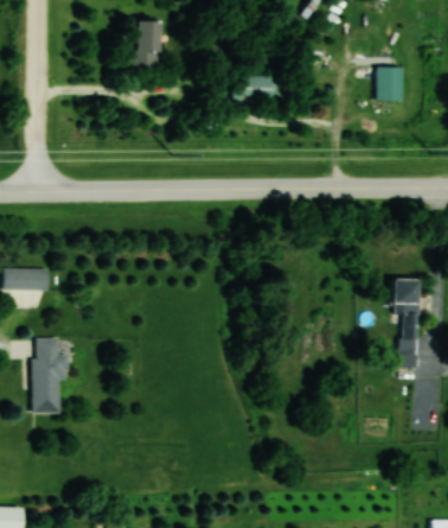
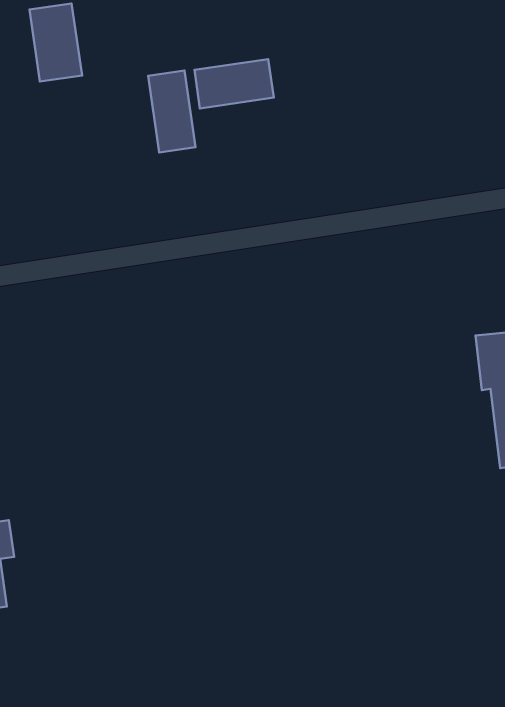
building: [377,66,402,101] -> none
building: none -> [148,71,196,153]

